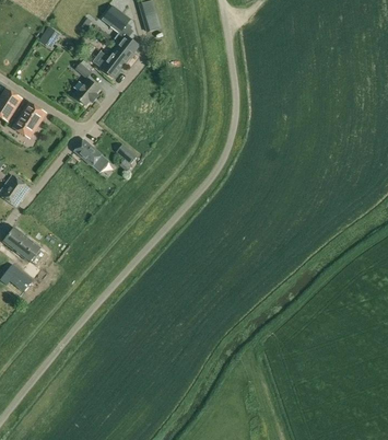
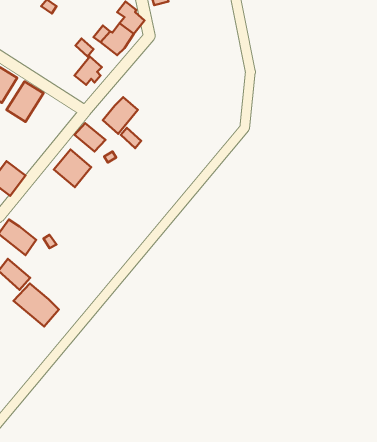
building: none -> [103,97,138,134]
building: none -> [54,150,91,187]
building: none -> [14,284,59,327]

